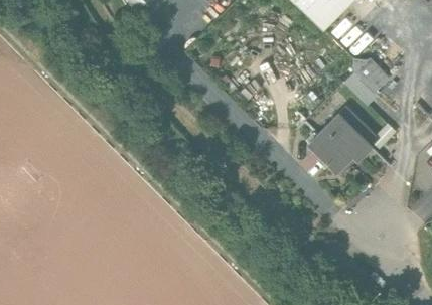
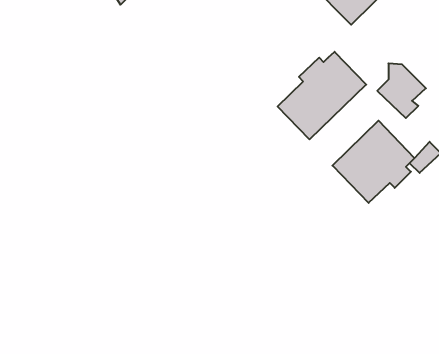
building: none -> [278,52,366,139]

